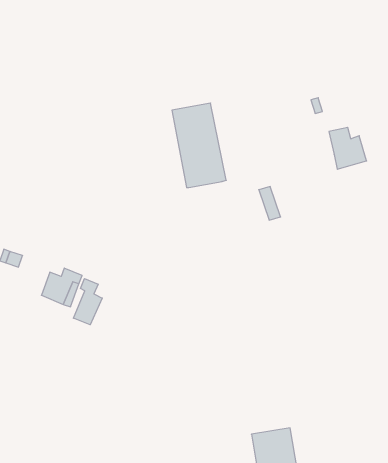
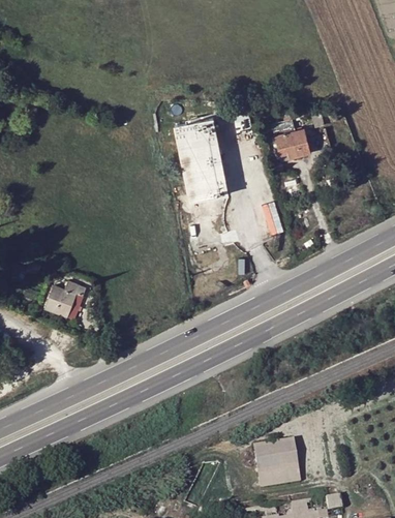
building: [329,127,367,169] -> [274,120,311,161]
building: [73,279,102,325] -> none

